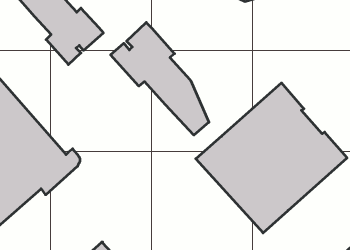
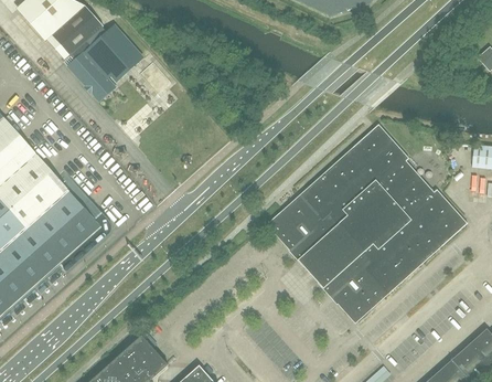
building: [111,22,209,135] -> none

